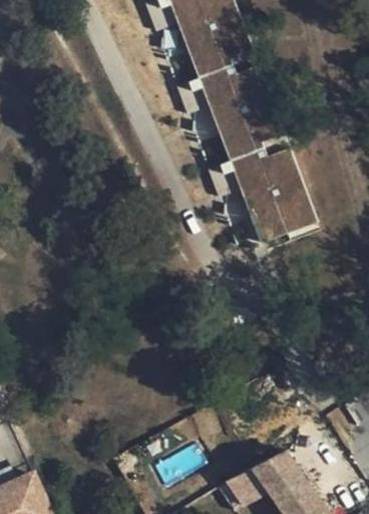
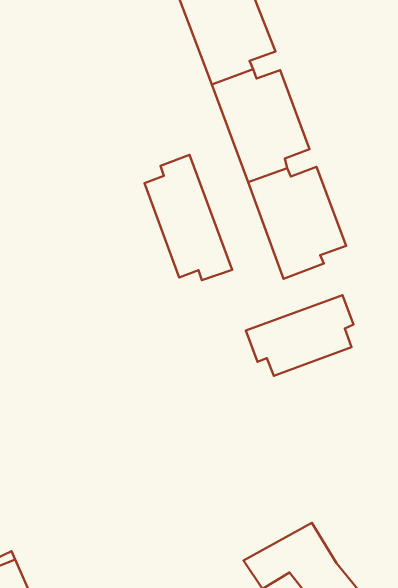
building: none -> [144,155,232,280]
building: none -> [246,295,354,376]

